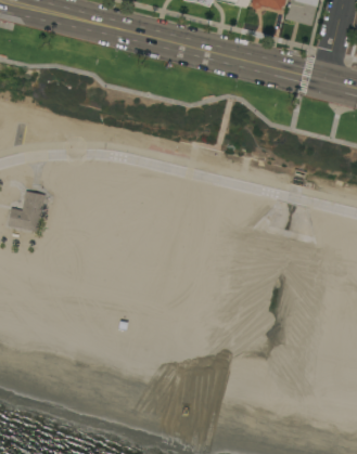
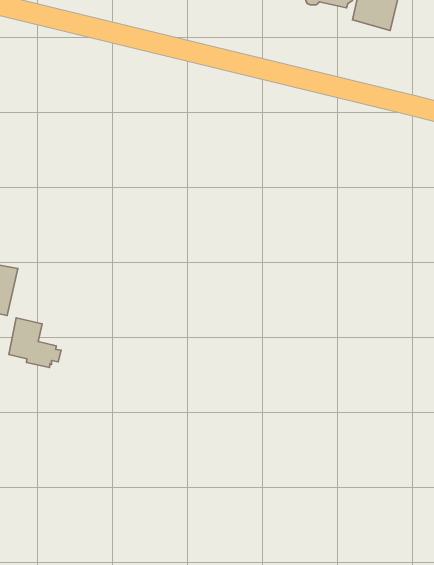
building: none -> [9,318,61,368]

